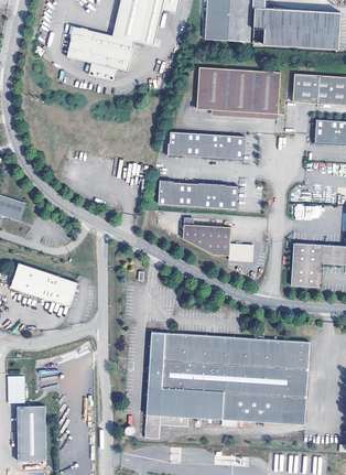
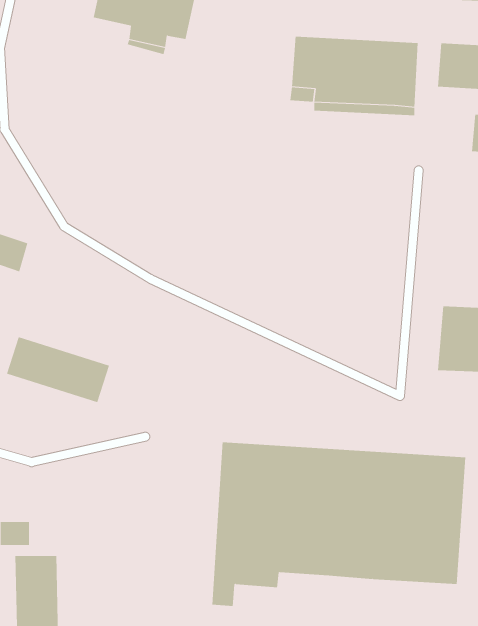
building: [166,133,242,161] -> none
building: [158,181,237,209] -> none
building: [183,225,255,261] -> none

